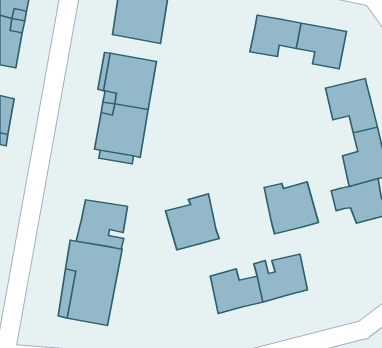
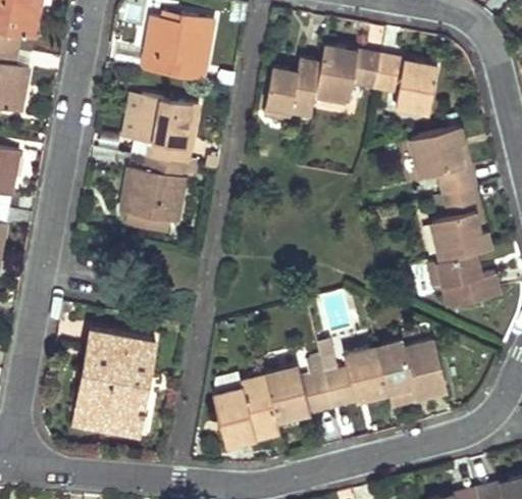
building: none -> [263,59,320,120]
building: [264,182,318,234] -> [377,340,446,405]
building: [166,194,219,250] -> [211,377,278,447]
building: [76,200,127,249] -> none

